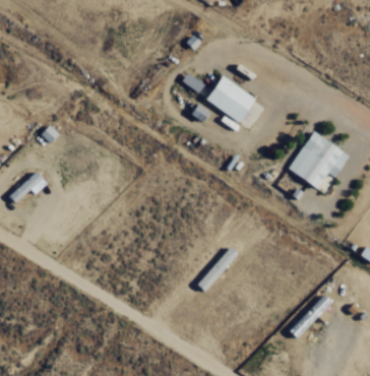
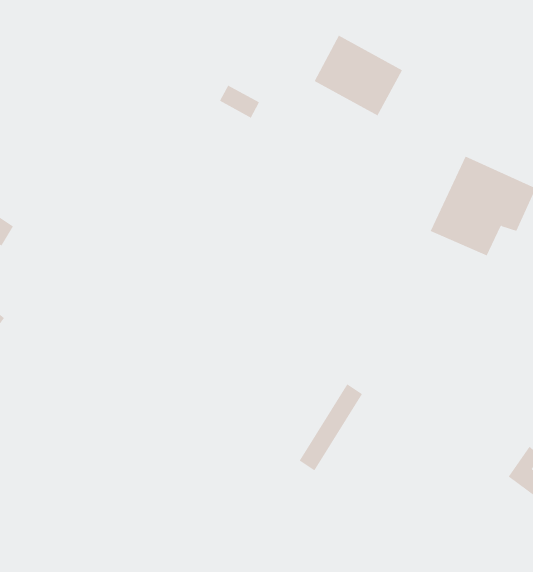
building: [205,75,255,123] -> [314,35,403,116]

